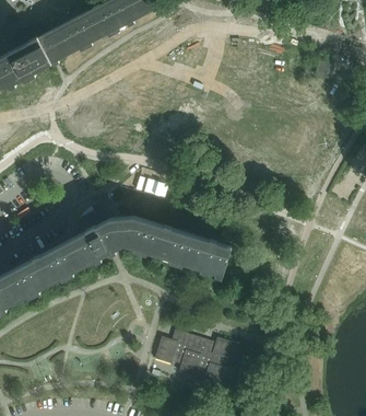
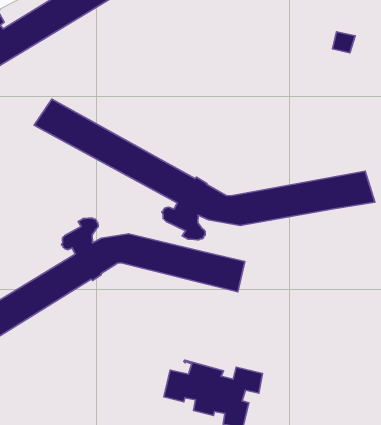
building: none -> [34,99,375,240]

